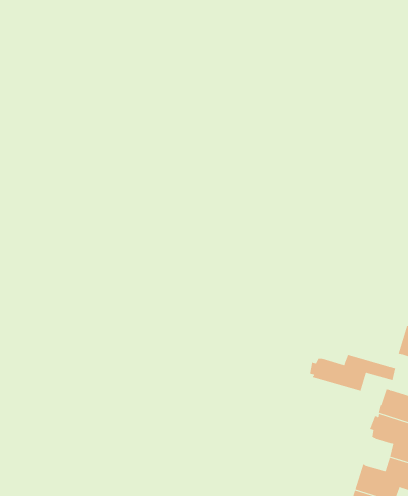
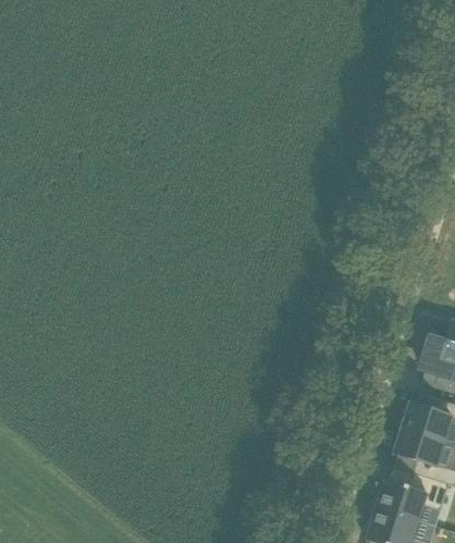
building: [310,354,396,391] -> none

